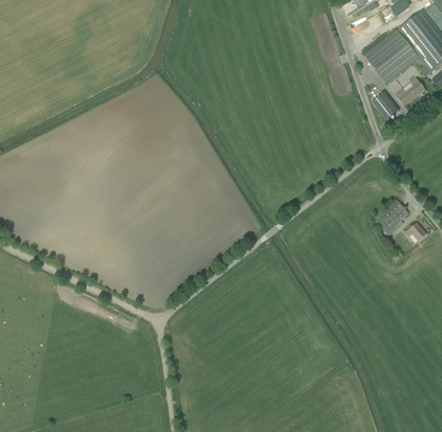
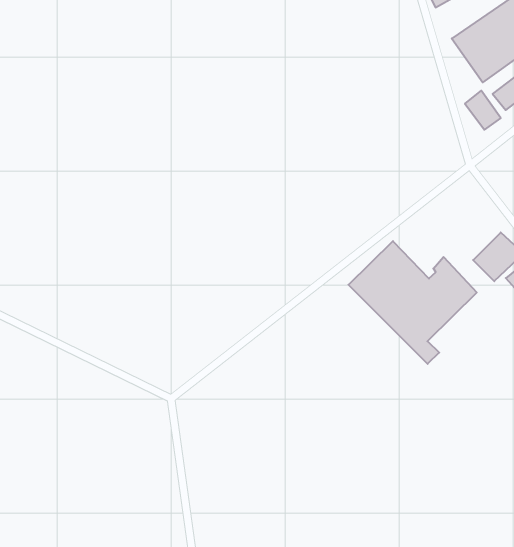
building: none -> [348,241,477,364]

